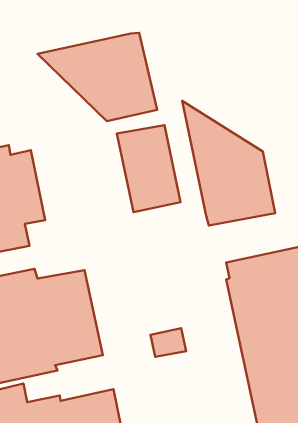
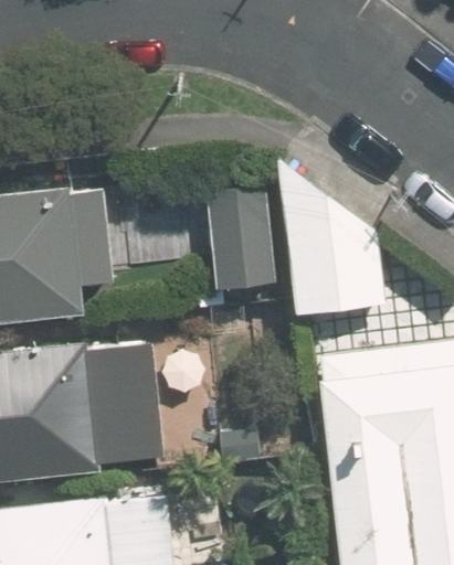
building: [38,33,157,121] -> none

